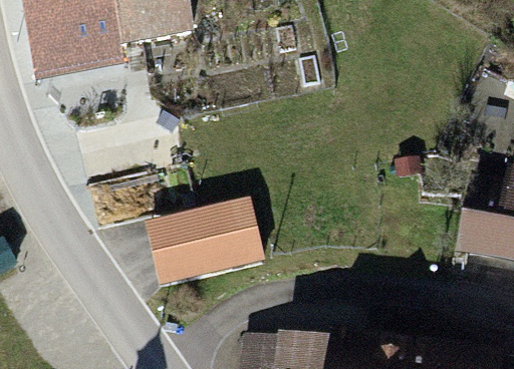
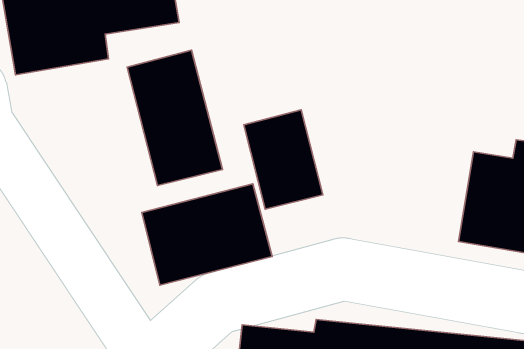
building: none -> [127,50,222,186]
building: none -> [244,110,323,209]

